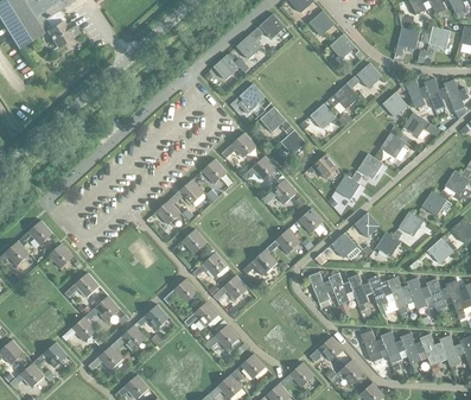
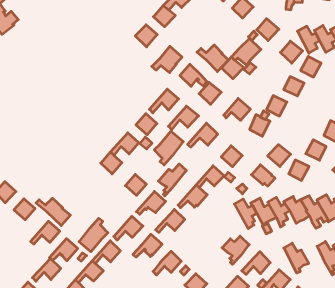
building: none -> [197,45,229,72]
building: none -> [154,131,183,165]
building: none -> [158,164,186,196]
building: none -> [36,198,70,226]
building: none -> [79,218,108,252]
building: none -> [222,236,249,264]
building: [380,331,407,372] -> none

